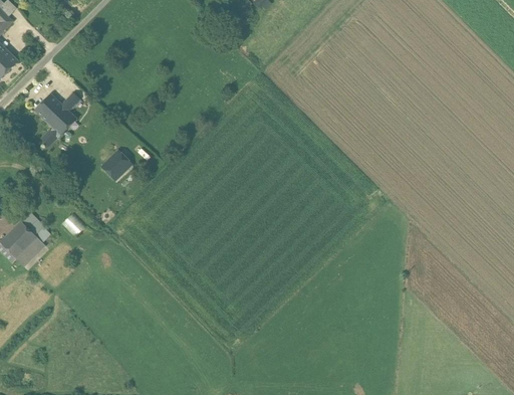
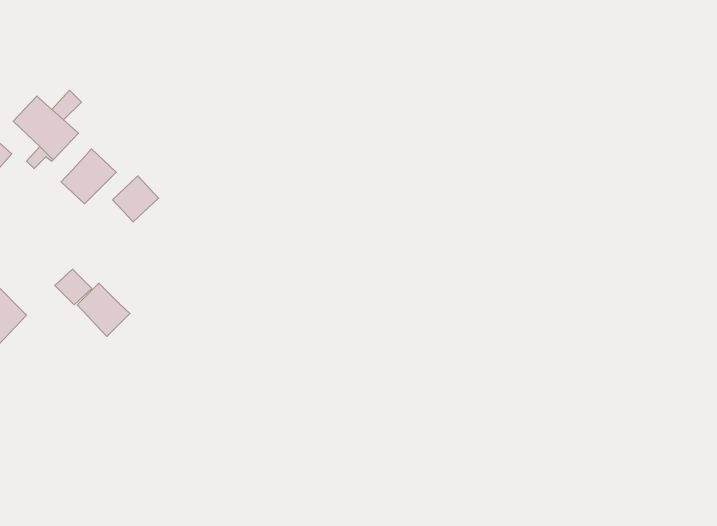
building: none -> [61,149,116,204]
building: none -> [77,283,130,336]

